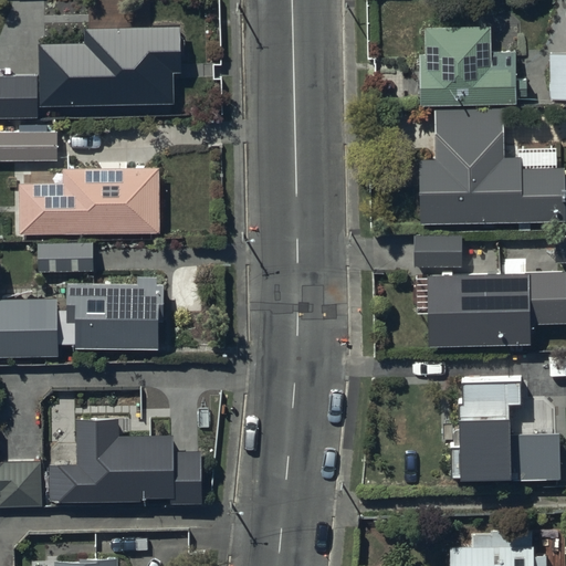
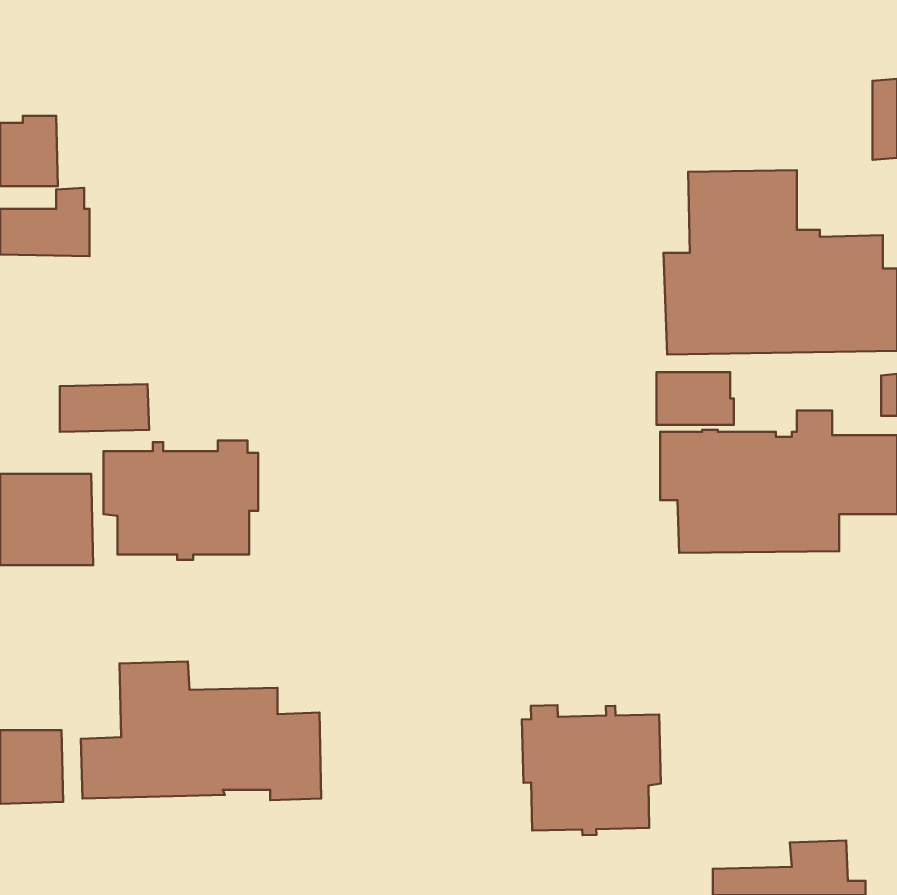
building: [38,25,181,106] -> none
building: [419,28,526,106] -> none
building: [17,165,159,234] -> none
building: [449,382,560,483] -> none
building: none -> [522,705,661,835]

